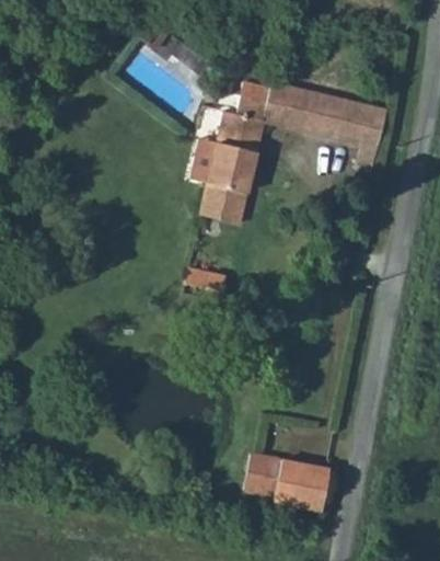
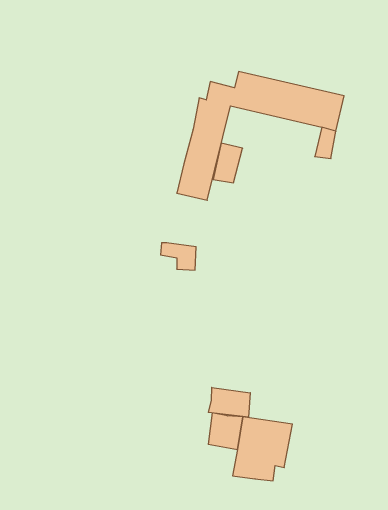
building: [192,139,223,182] -> [213,143,243,183]
building: none -> [208,387,250,417]

